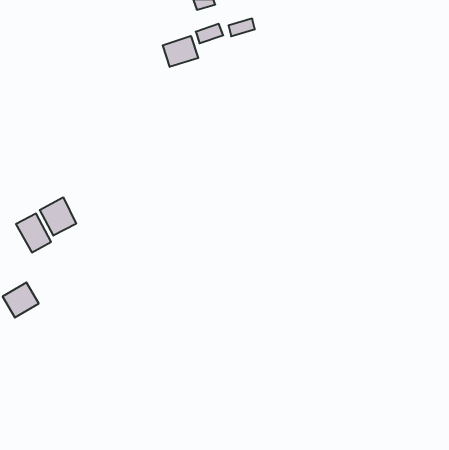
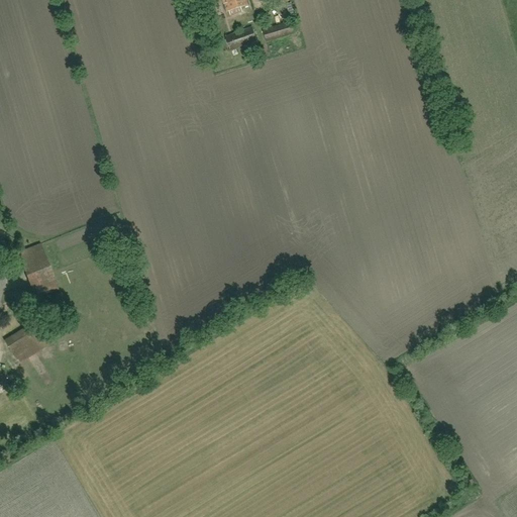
building: [163,36,198,67] -> none
building: [40,197,76,236] -> none

